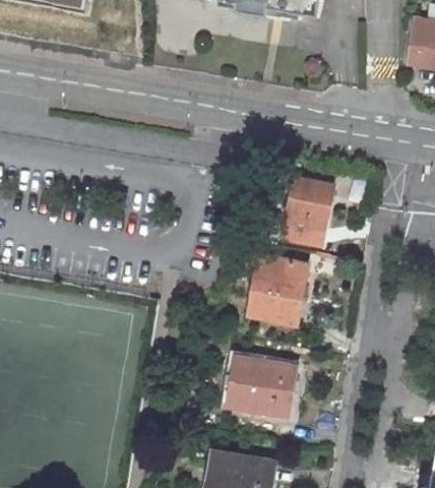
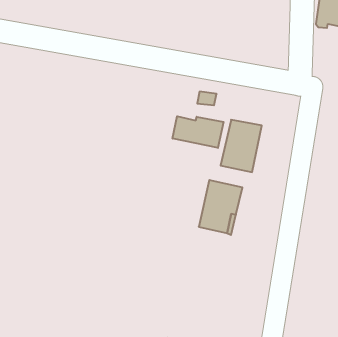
building: none -> [173,116,224,148]
building: [228,359,294,416] -> none

